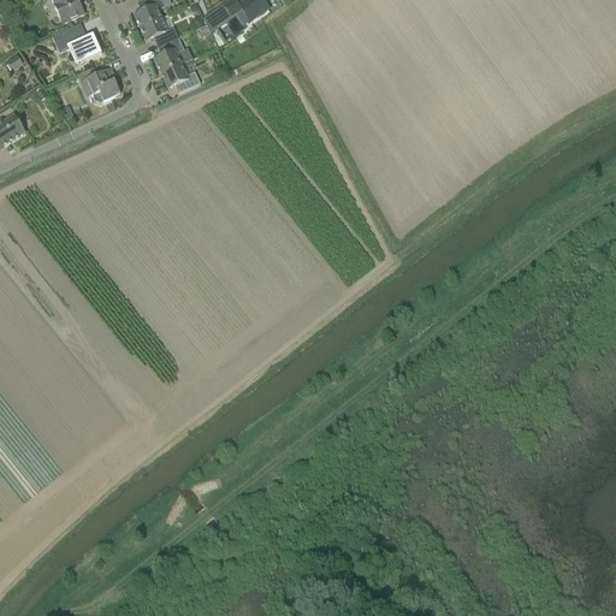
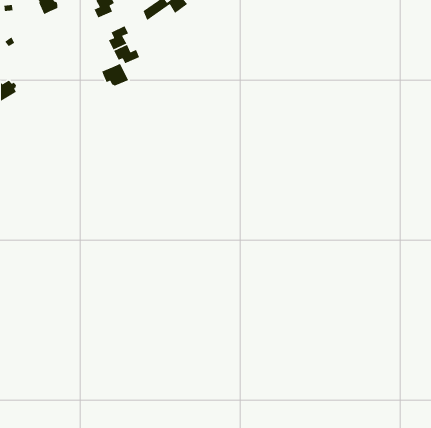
building: [140,17,178,46] -> none
building: [52,22,101,61] -> none
building: [81,67,120,101] -> [101,63,129,86]

